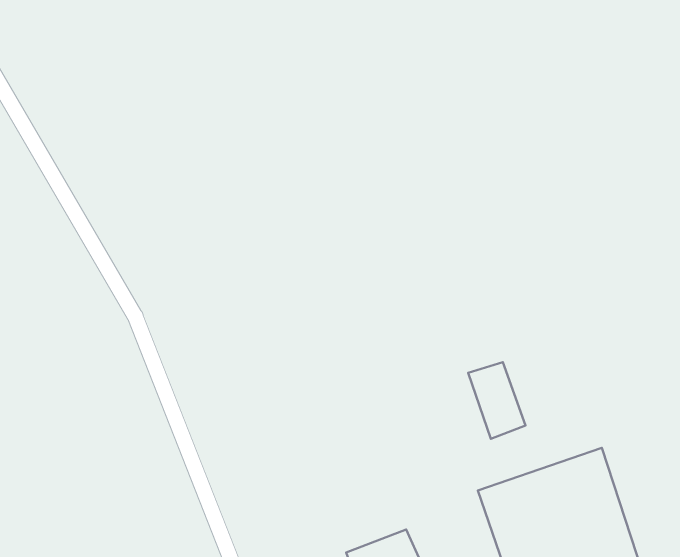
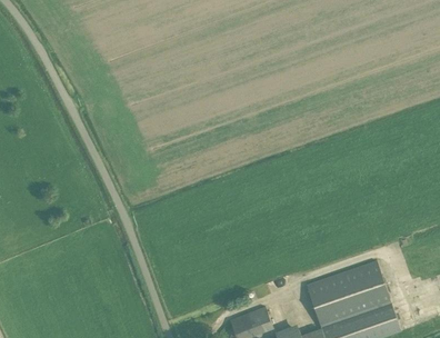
building: [468,362,526,439] -> none

